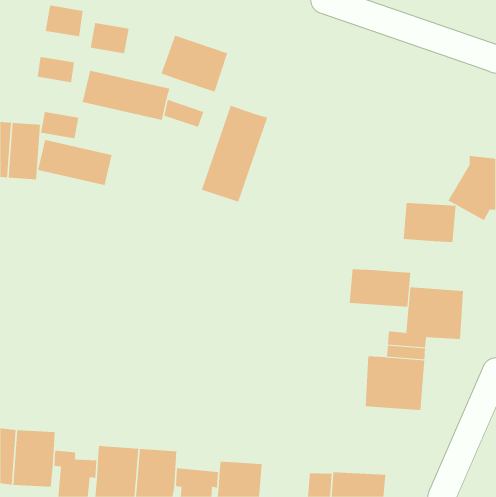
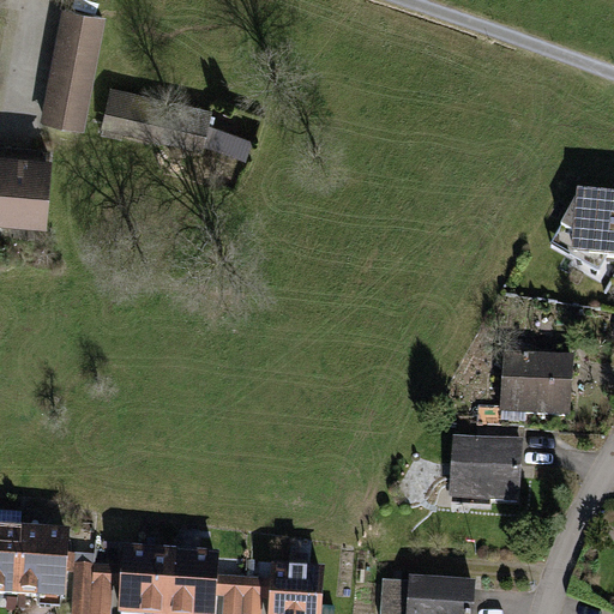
building: [90,23,130,54] -> [49,38,98,77]
building: [161,35,228,92] -> none
building: [201,105,268,203] -> none
building: [40,112,79,139] -> [41,95,89,128]
building: [38,139,112,186] -> none
building: [403,202,456,243] -> none
building: [349,269,411,307] -> none

